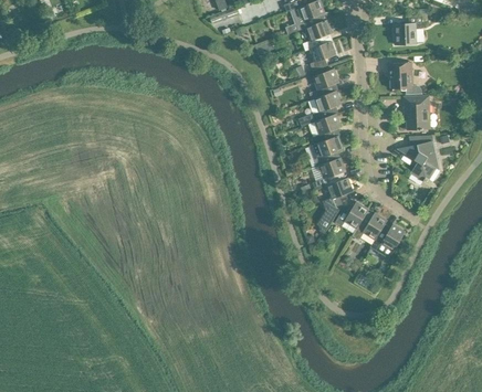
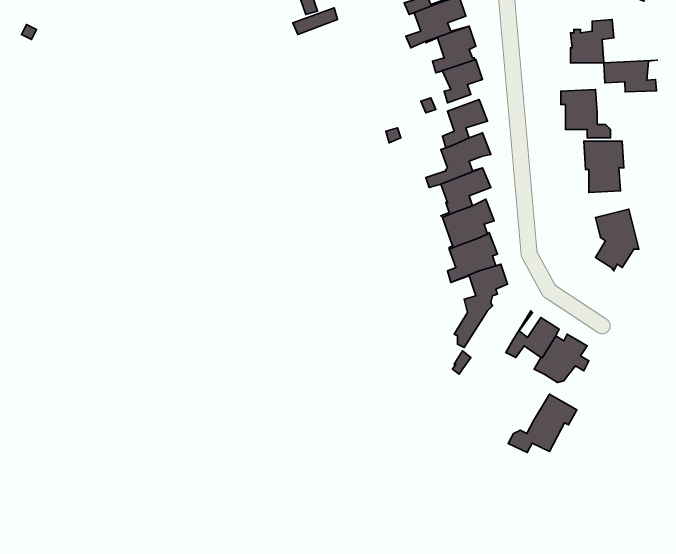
building: none -> [604,60,657,92]
building: [335,201,368,227] -> none
building: none -> [508,394,577,453]

